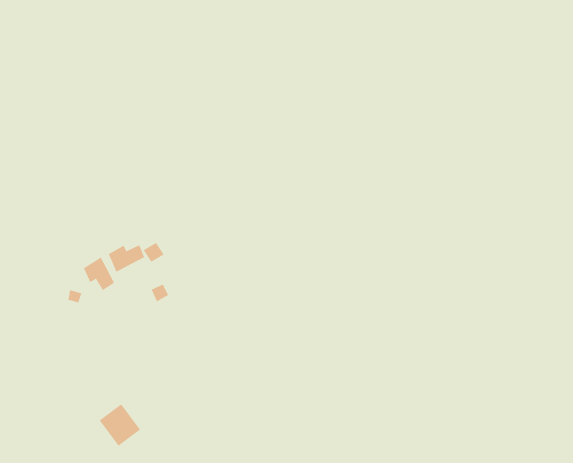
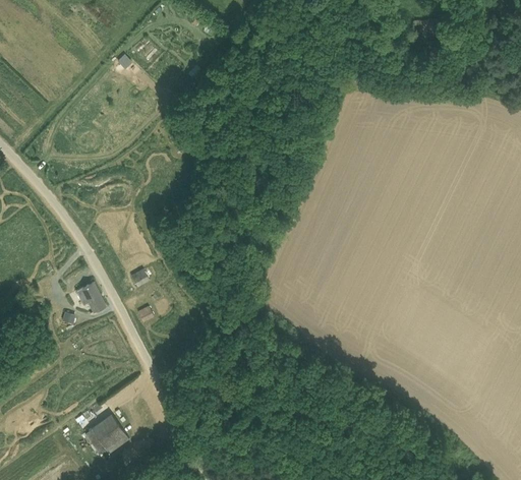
building: [108,244,145,272] -> none

